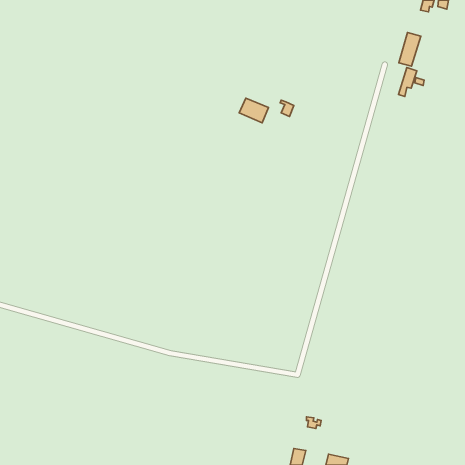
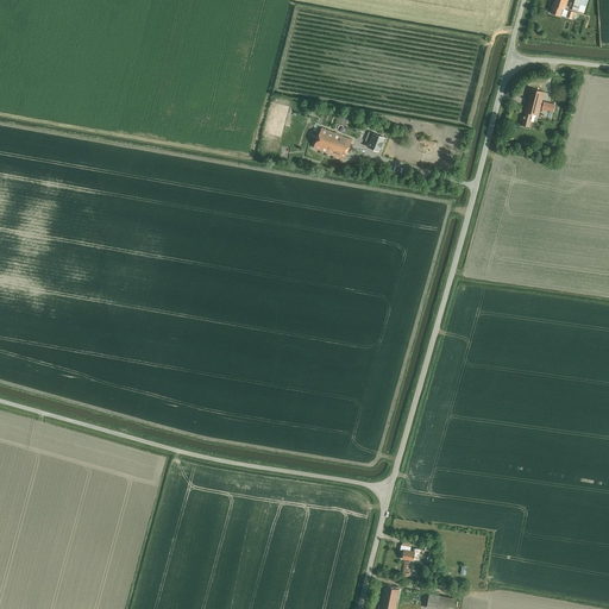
building: [399,32,421,66] -> none

